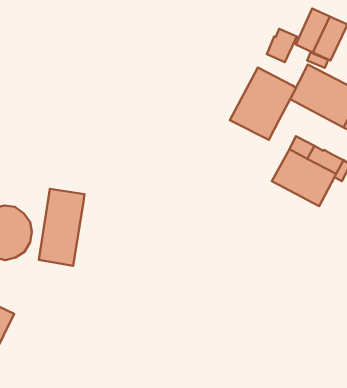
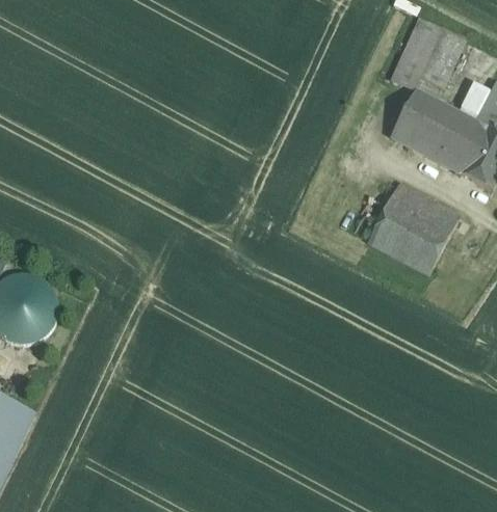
building: [267,29,297,62] -> none
building: [230,67,296,140] -> none
building: [39,189,84,266] -> none

